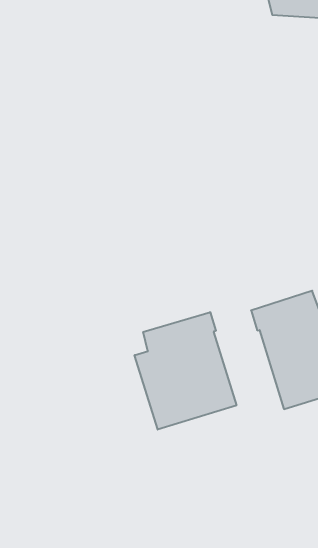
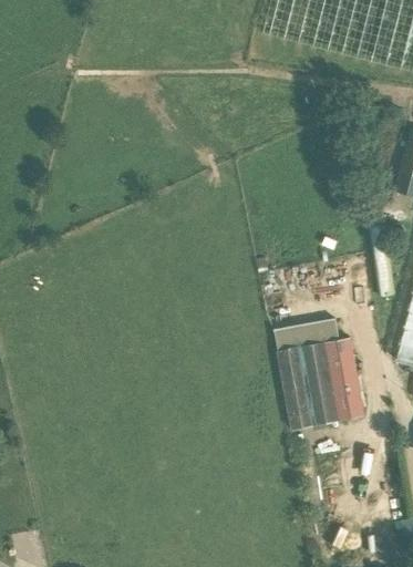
building: [135,312,236,430] -> none

